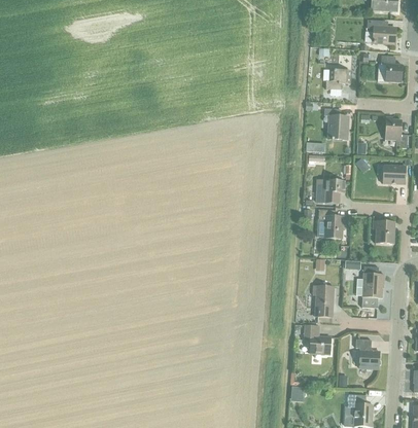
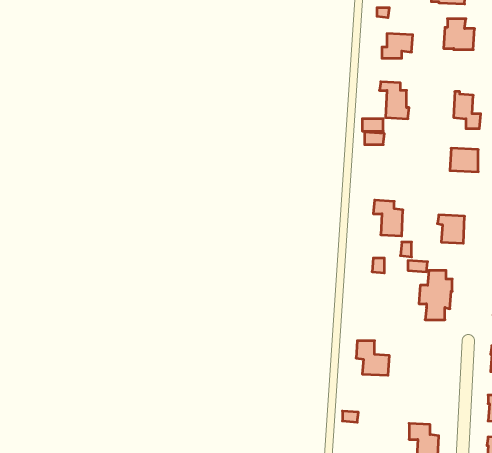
building: [316,179,343,203] -> none
building: [312,286,334,317] -> none
building: [354,338,379,370] -> none

